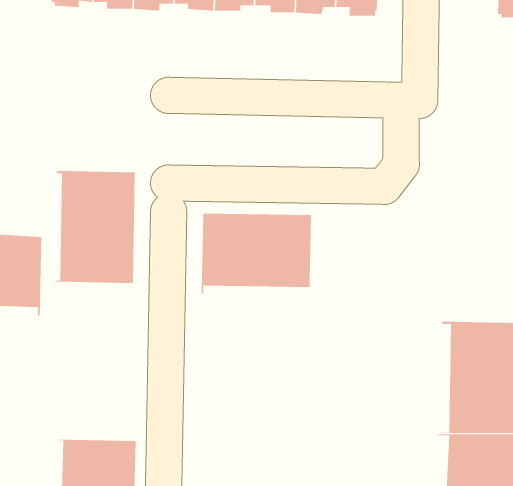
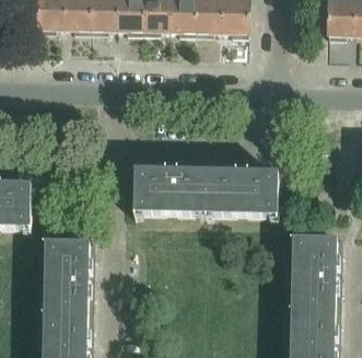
building: [55,171,135,283] -> [40,240,93,313]
building: none -> [205,166,278,219]

